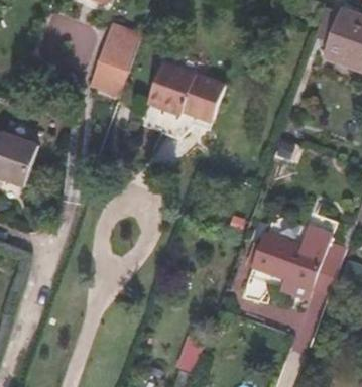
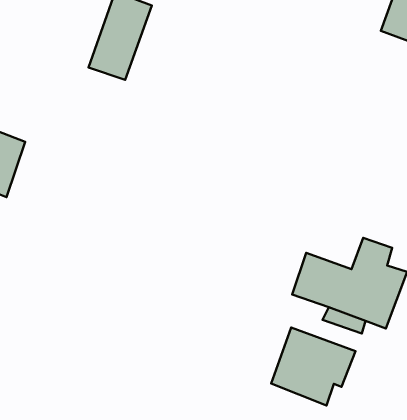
building: [139,60,225,136] -> none
building: none -> [271,328,356,405]

